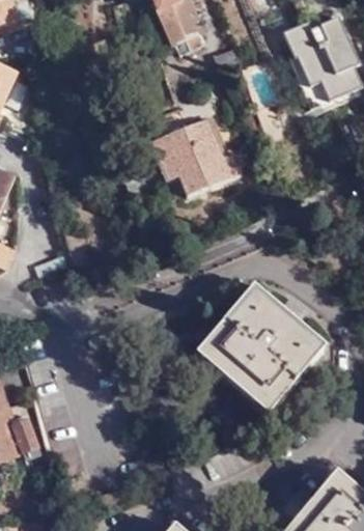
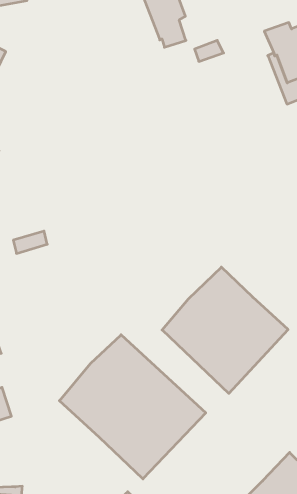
building: [147,119,237,197] -> none
building: none -> [59,335,206,479]

